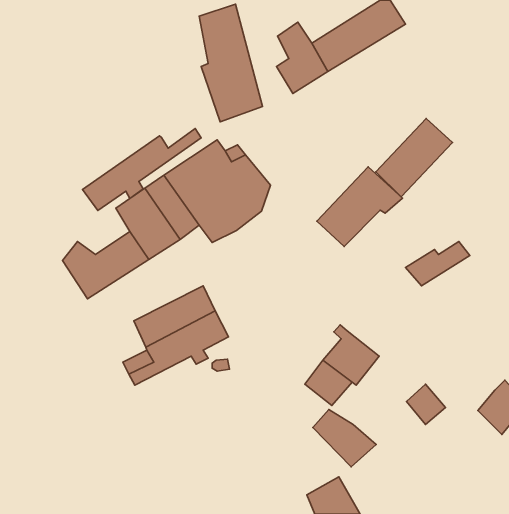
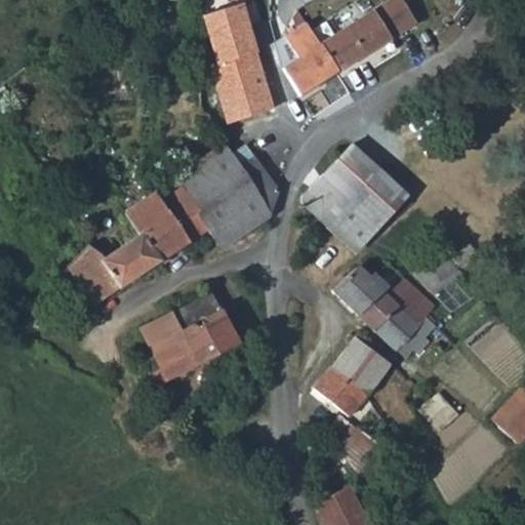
building: [376,119,452,197] -> [302,146,380,226]
building: [82,128,201,211] -> none
building: none -> [333,269,439,348]

